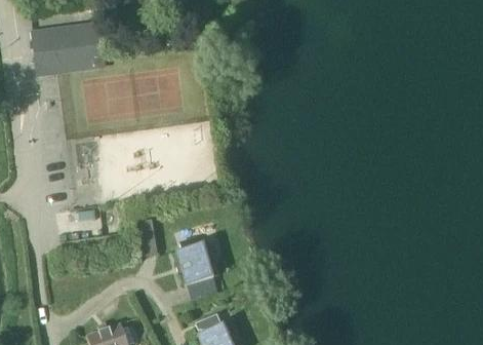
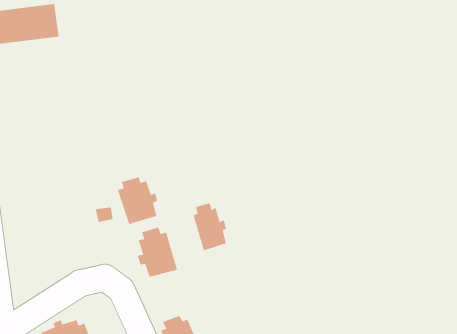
building: none -> [117,176,158,225]
building: none -> [193,202,227,251]

